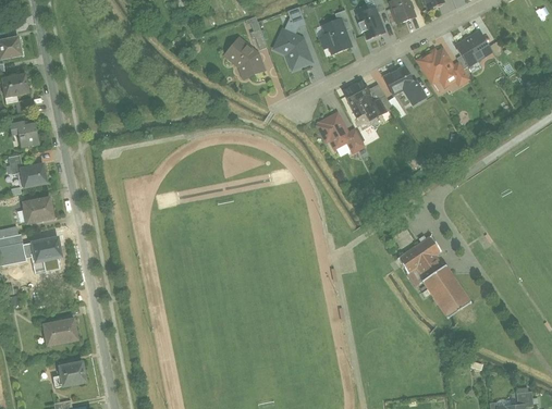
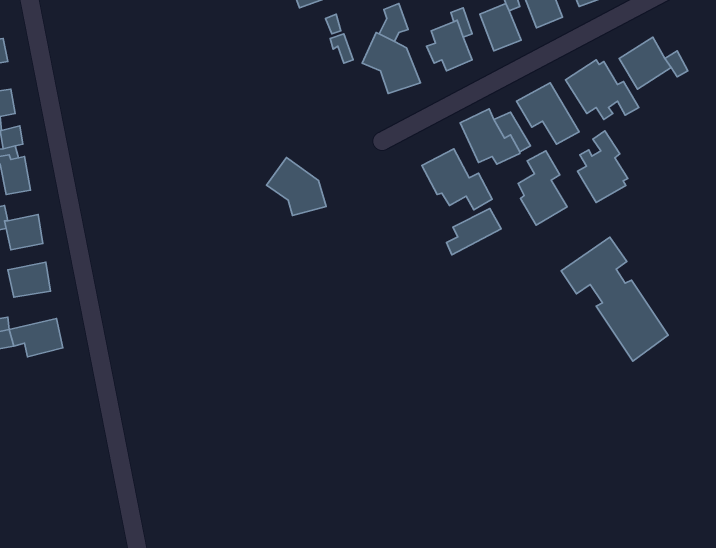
building: [224,39,267,80] -> [267,157,326,216]
building: none -> [578,131,628,203]
building: none -> [518,151,567,225]
building: none -> [446,209,501,255]
building: [395,228,471,317] -> [561,237,668,361]
building: [42,314,76,343] -> none
building: [51,359,85,385] -> none

